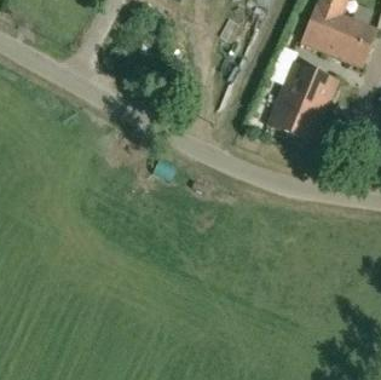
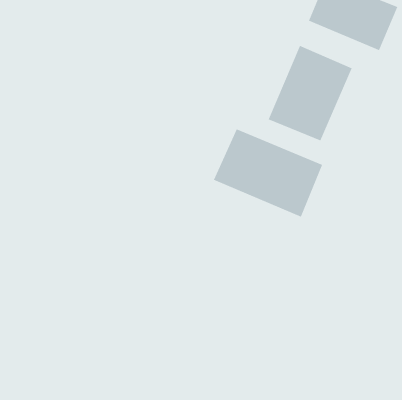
building: none -> [213,128,323,217]

